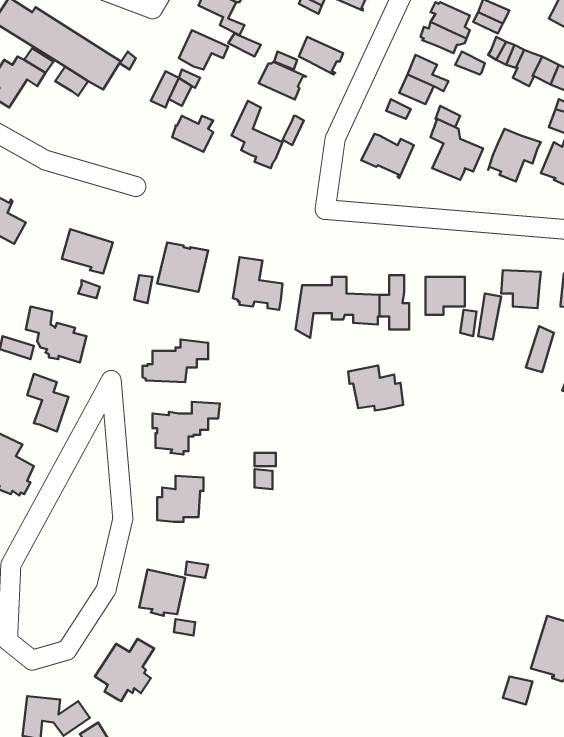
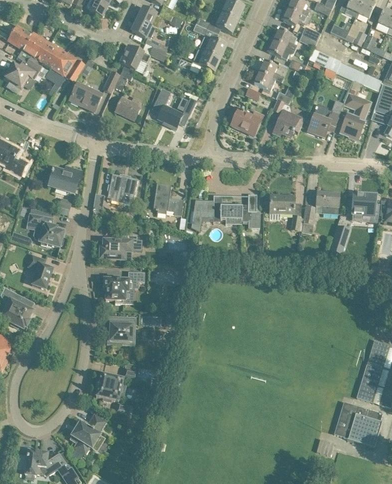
building: [258,62,306,100] -> [197,36,226,59]
building: none -> [69,83,101,109]
building: [348,365,403,410] -> none

